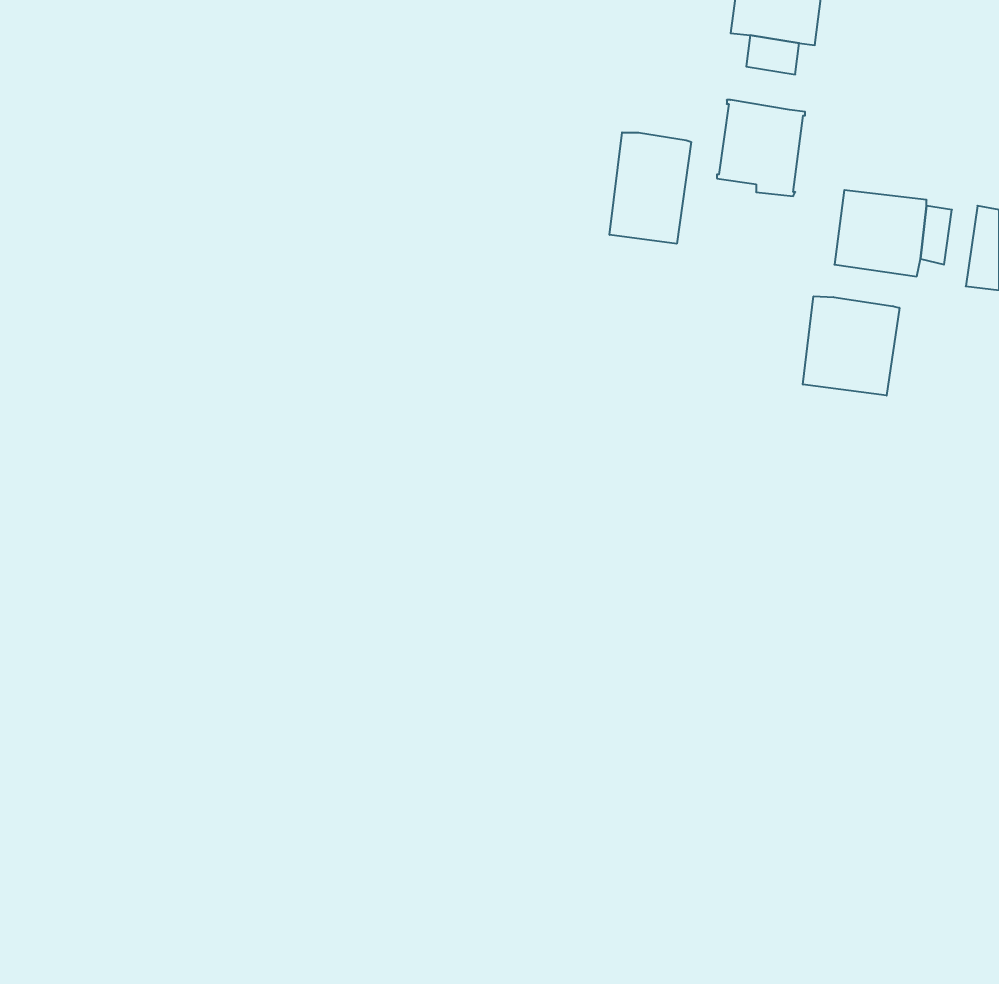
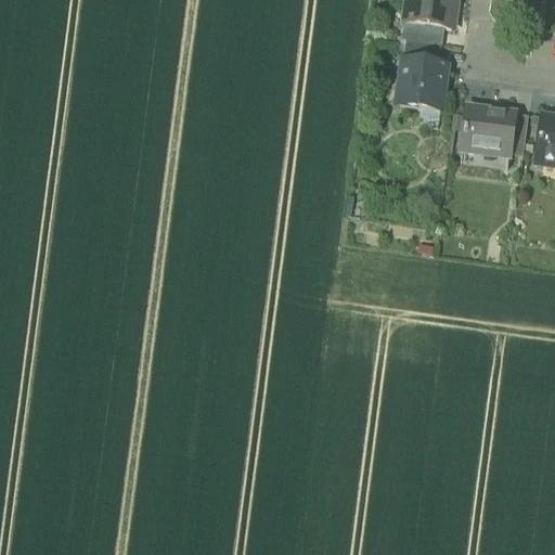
building: none -> [404,37,440,61]
building: [610,132,691,244] -> none
building: [803,296,899,396] -> none

